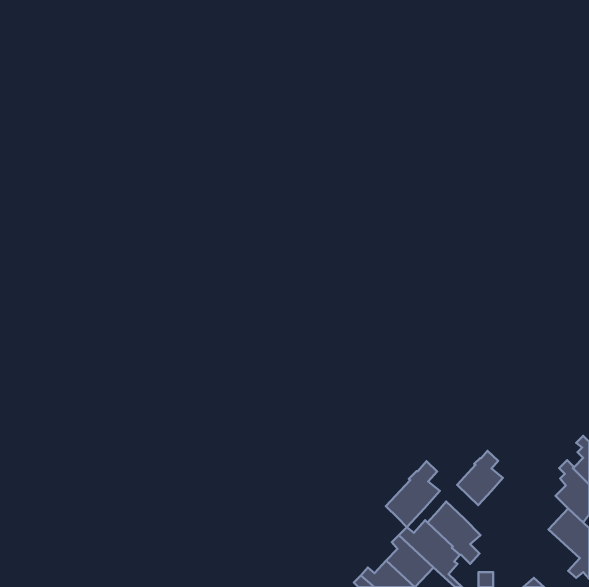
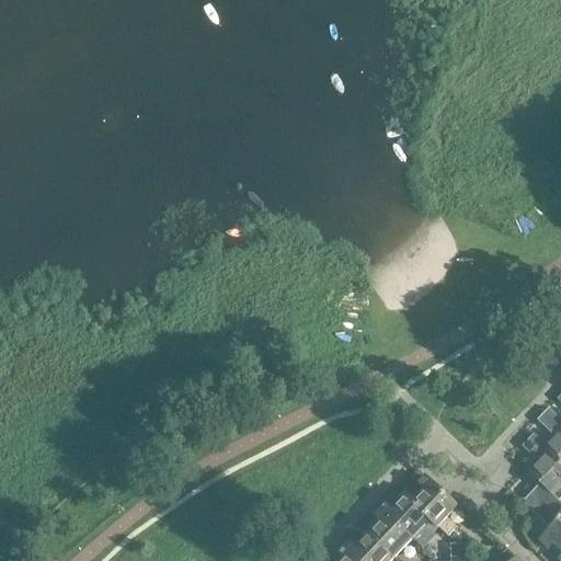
building: [457,451,503,505] -> none
building: [386,461,440,527] -> none

